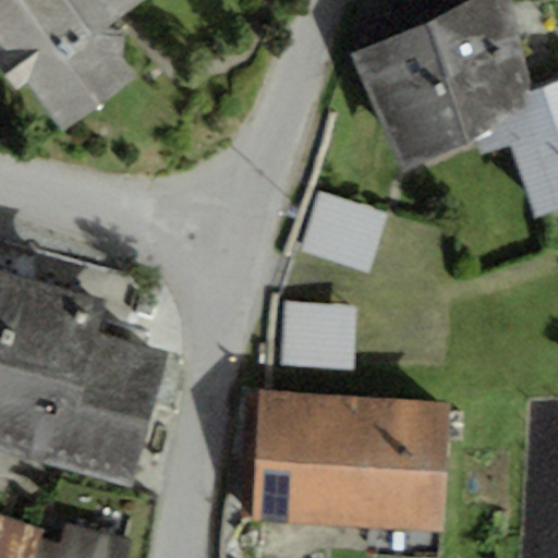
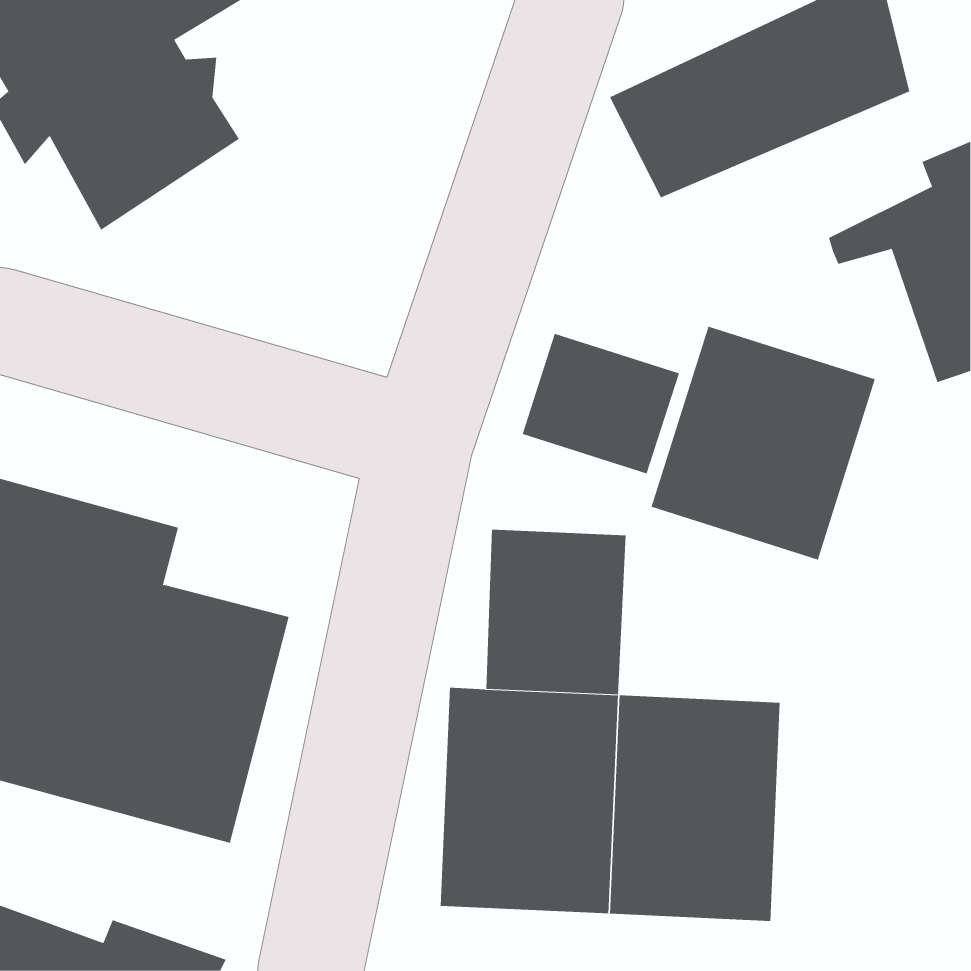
building: [378,52,533,172] -> none
building: none -> [651,326,875,561]

